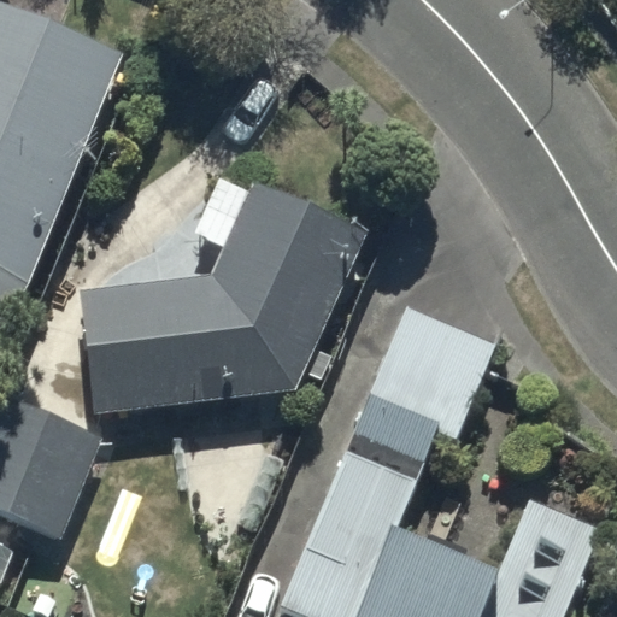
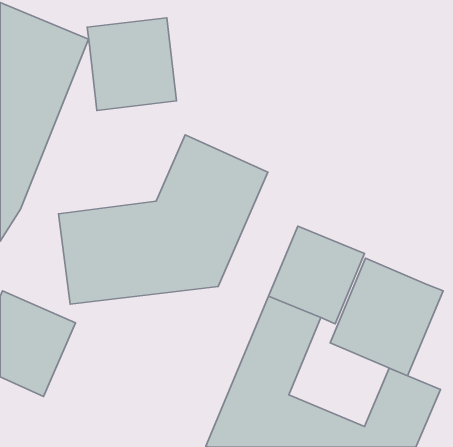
building: none -> [87,18,177,111]
building: none -> [330,258,443,376]

